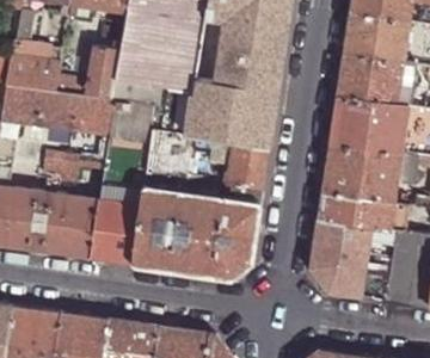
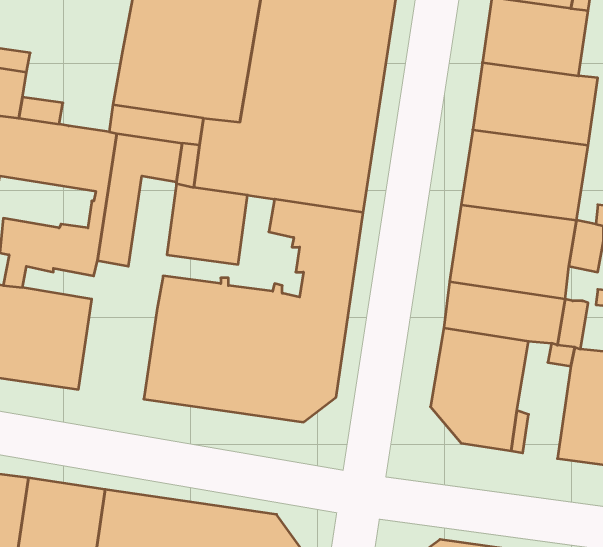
building: [86,44,119,98] -> none
building: [92,202,141,264] -> none

